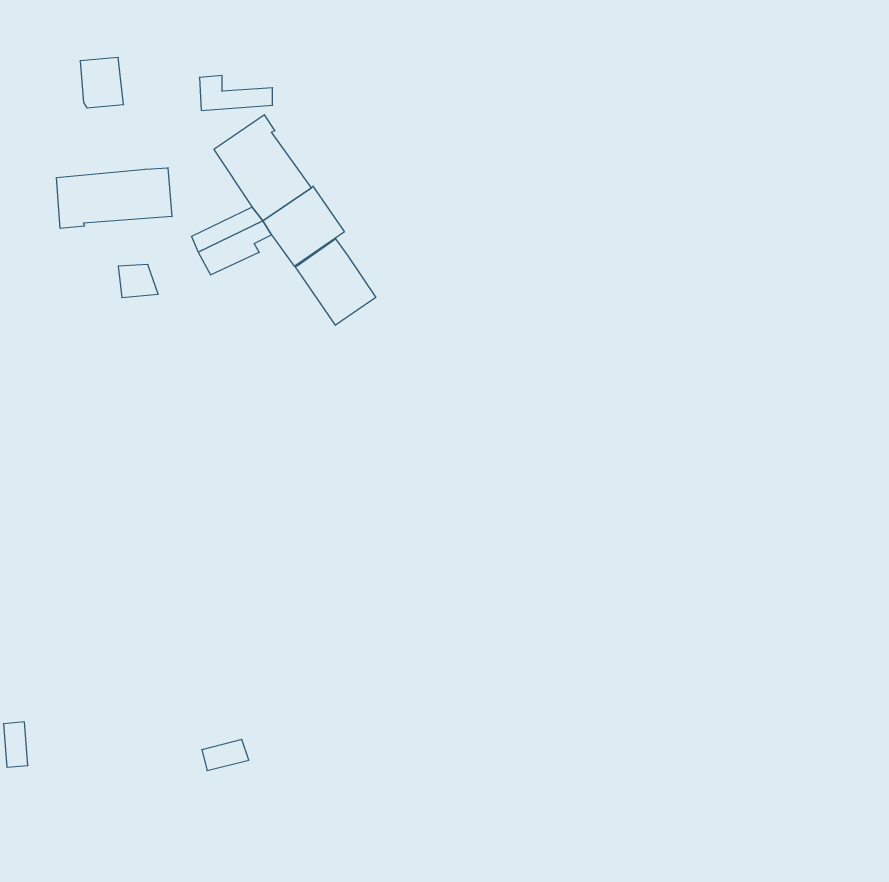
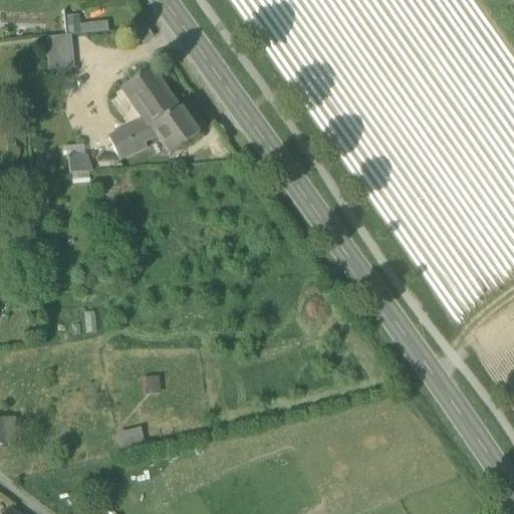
building: [199,76,273,110] -> [65,10,107,30]
building: [57,168,172,228] -> none
building: [295,239,376,325] -> none

